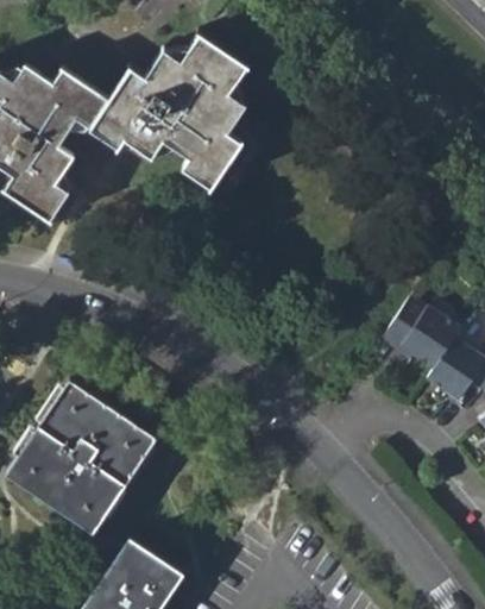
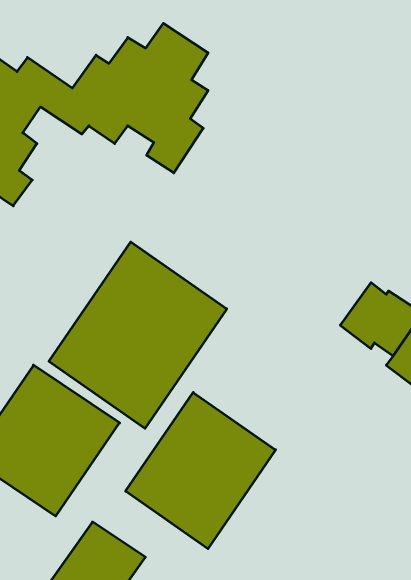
building: none -> [49,242,227,428]
building: none -> [126,392,276,549]

